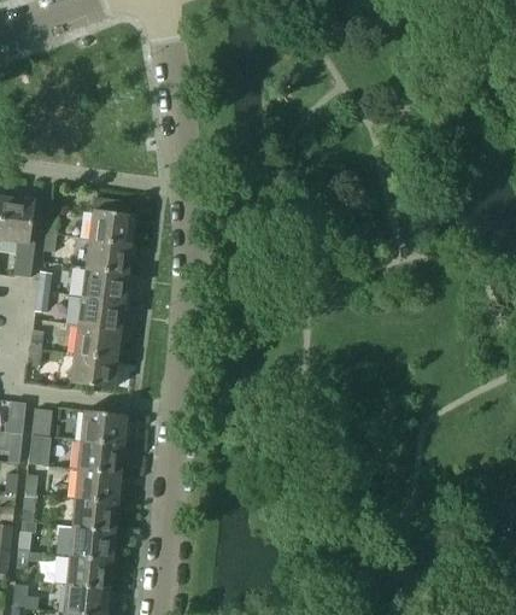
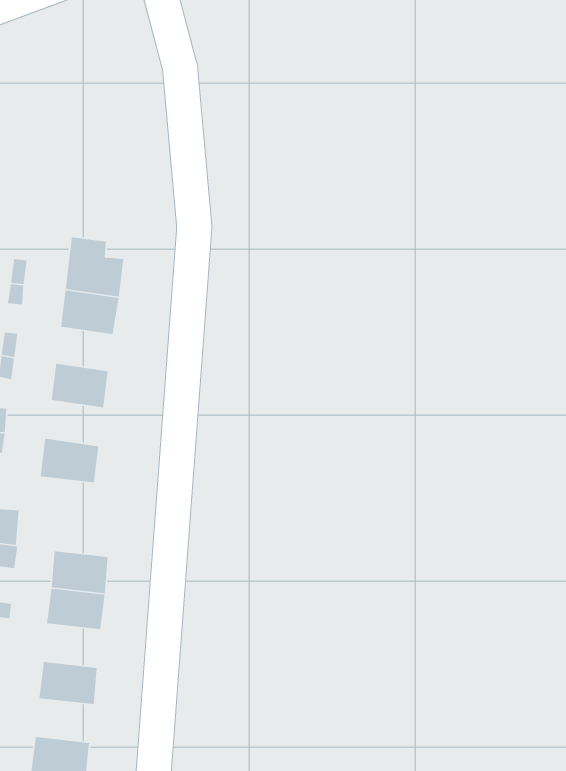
building: [81,268,125,301] -> none
building: [72,324,118,359] -> none
building: [80,410,125,445] -> none
building: [71,497,116,531] -> none
building: [65,555,111,588] -> none

